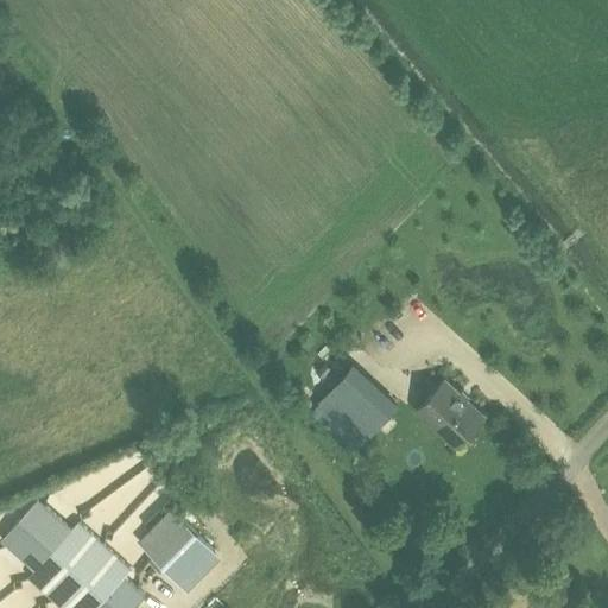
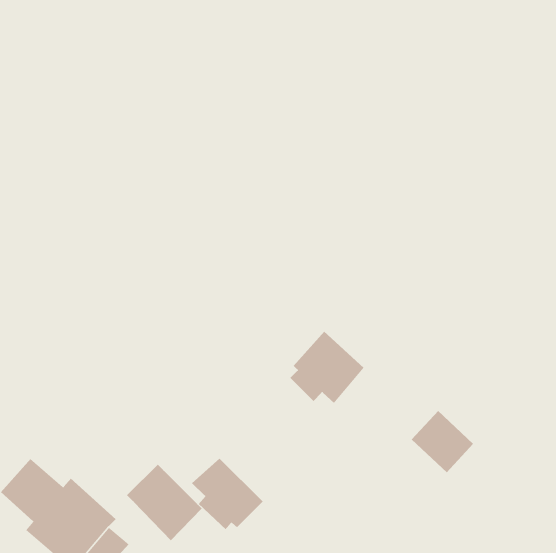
building: [416,380,484,449] -> [411,410,474,473]
building: none -> [191,458,264,530]

